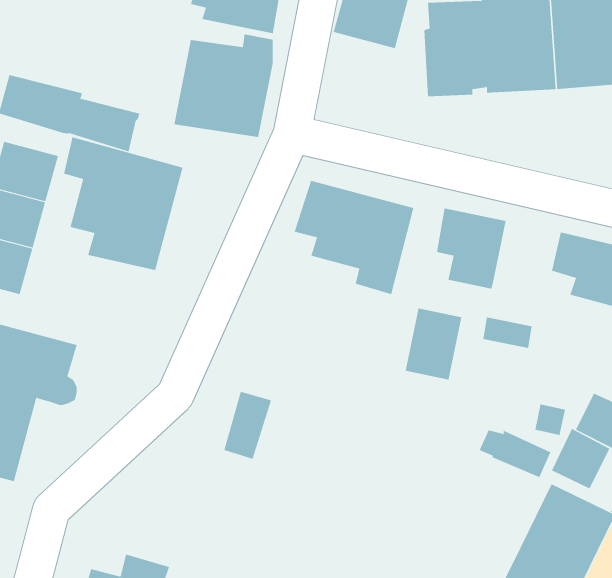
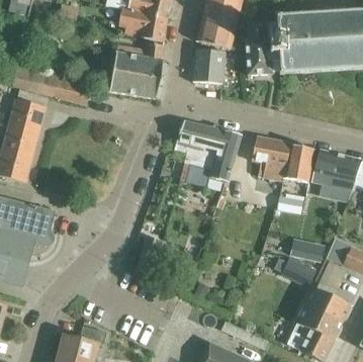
building: none -> [191,49,223,83]
building: [64,136,183,271] -> none
building: [405,308,462,380] -> [283,143,314,182]

